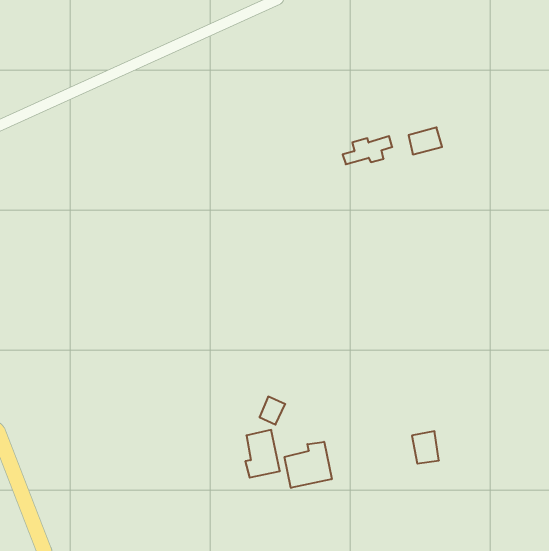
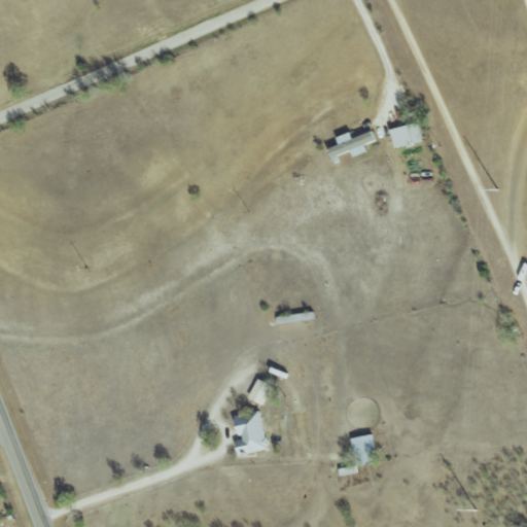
building: [412,431,439,464] -> [350,433,376,464]
building: [285,442,332,488] -> none

